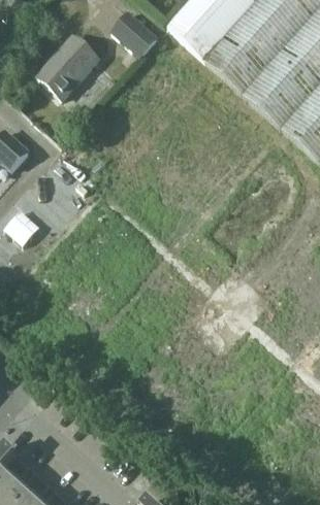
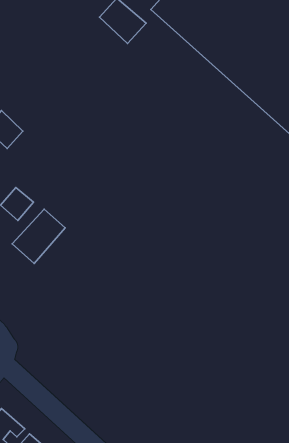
building: [37,34,98,97] -> none
building: none -> [12,209,65,264]

